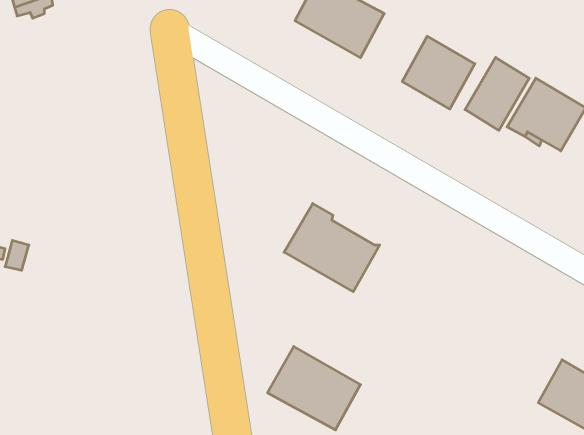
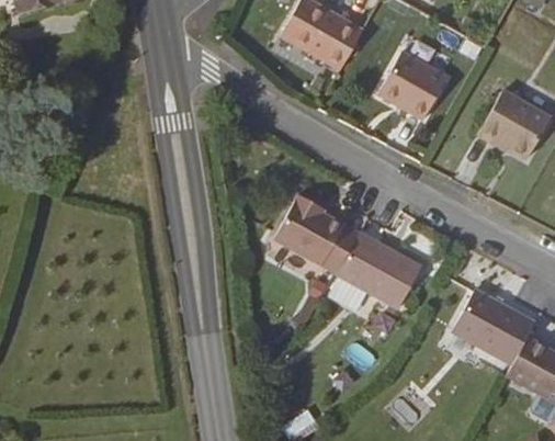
building: [465,57,529,130] -> none
building: none -> [451,292,536,370]
building: [268,346,361,430] -> [337,235,422,312]

